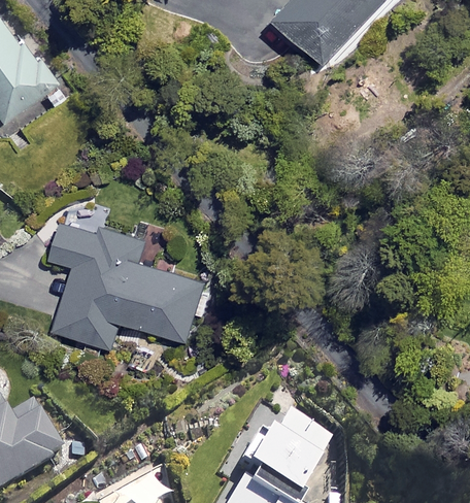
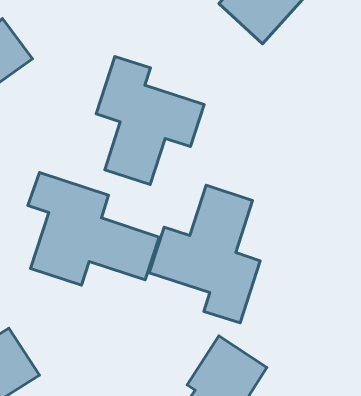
building: none -> [96,57,204,185]
building: none -> [149,185,260,323]

